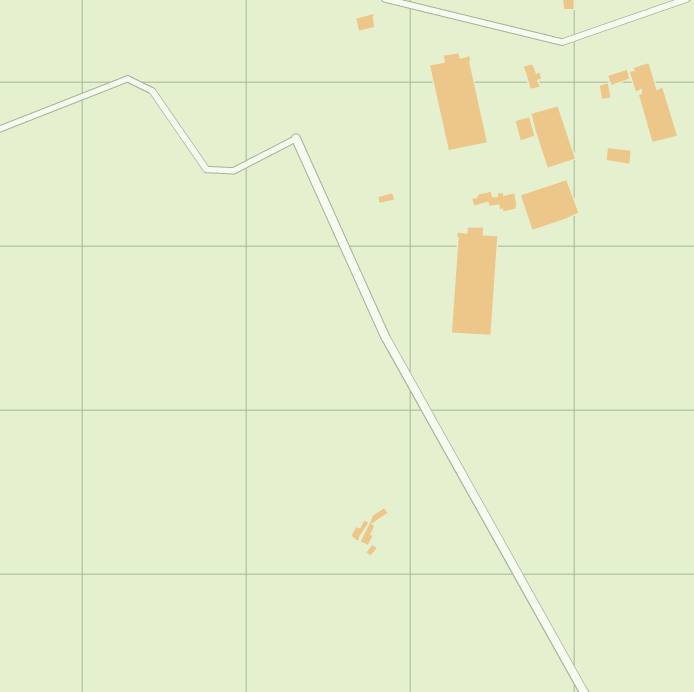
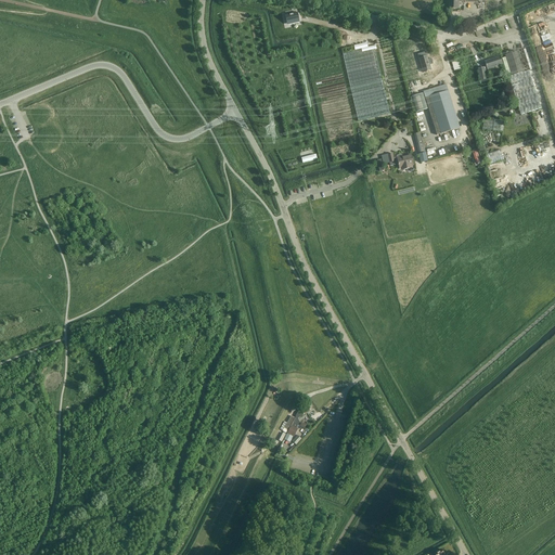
building: [520,179,579,231] -> none
building: [452,227,498,335] -> none

